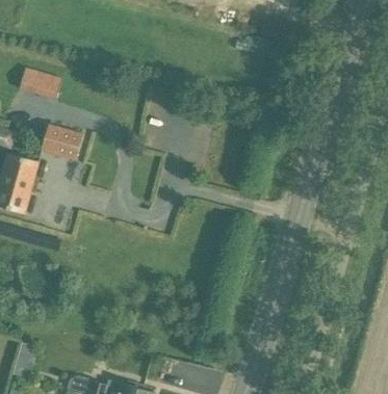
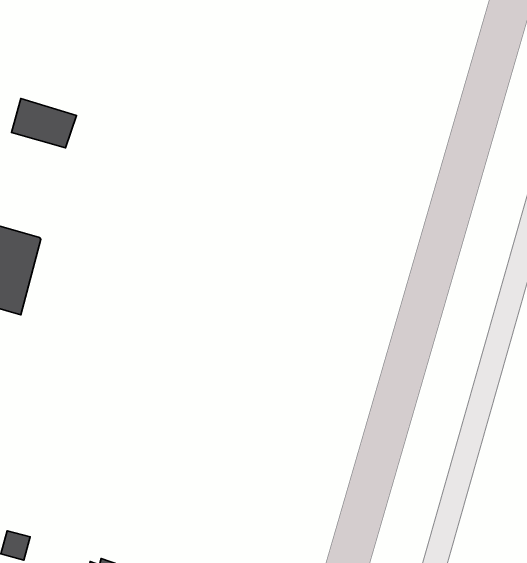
building: [41,125,82,160] -> none

